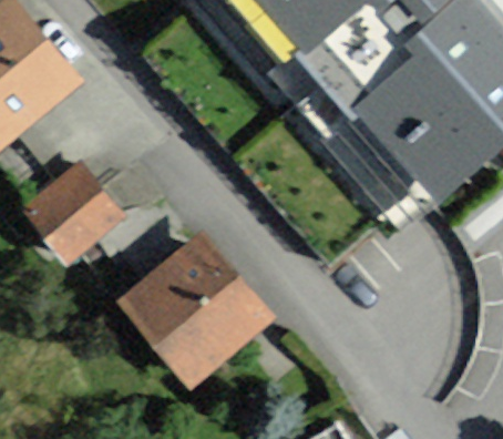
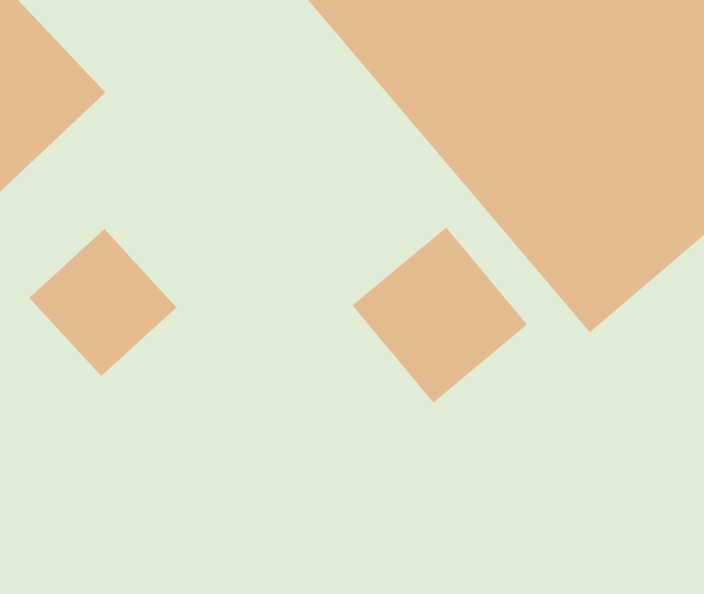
building: none -> [352,226,528,403]
building: [115,229,276,390] -> none

